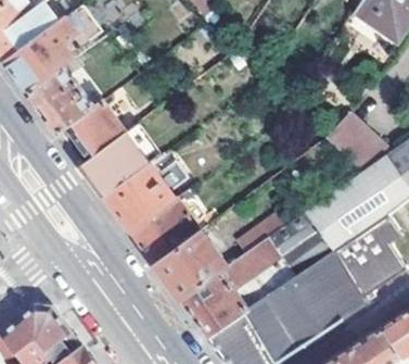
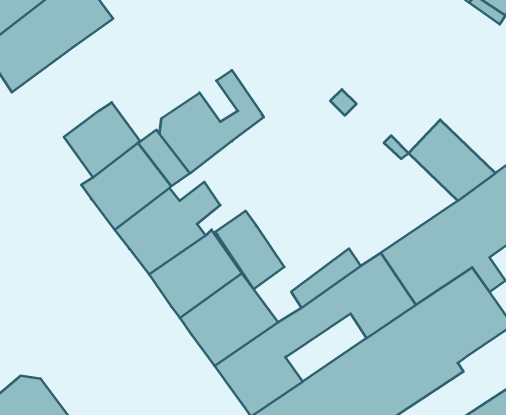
building: [29,59,94,133] -> none
building: none -> [160,70,264,173]
building: none -> [215,211,284,289]

